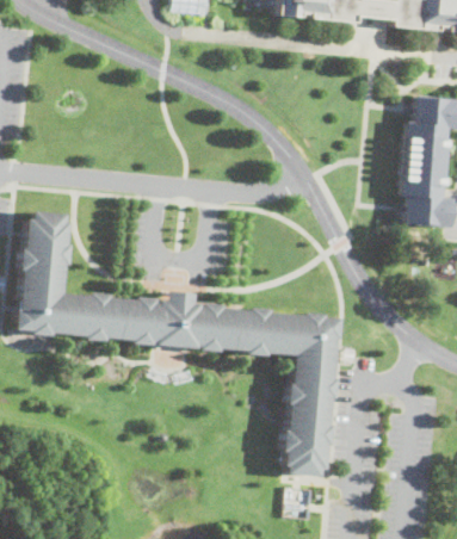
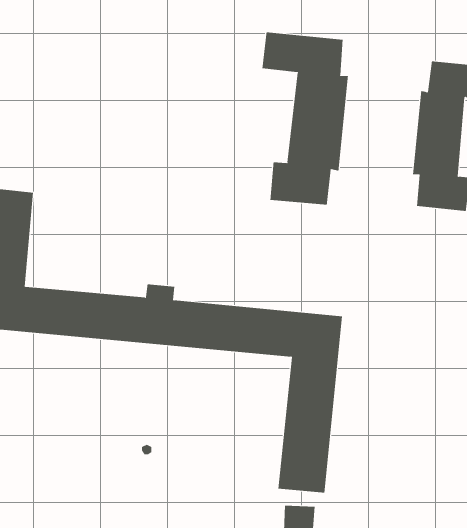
building: none -> [262,32,349,206]

